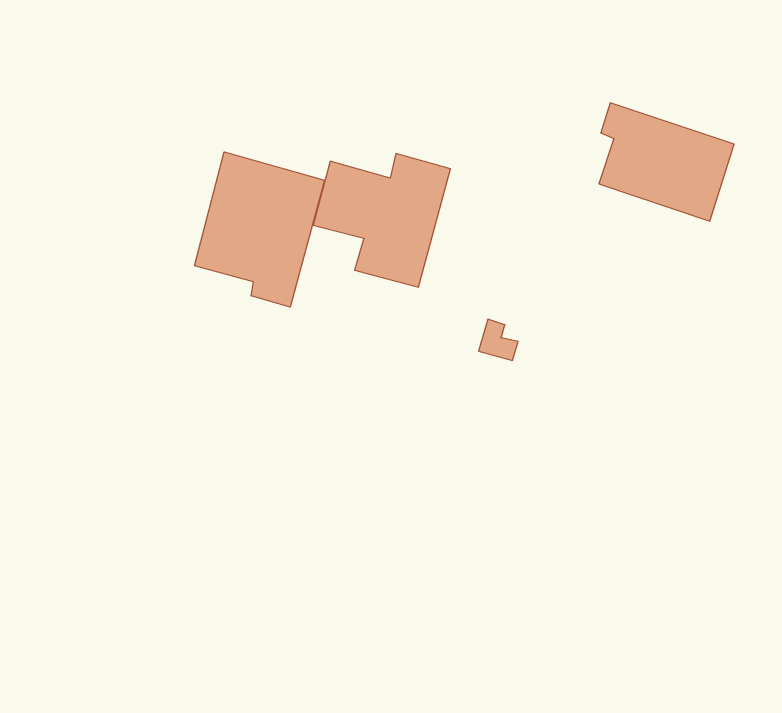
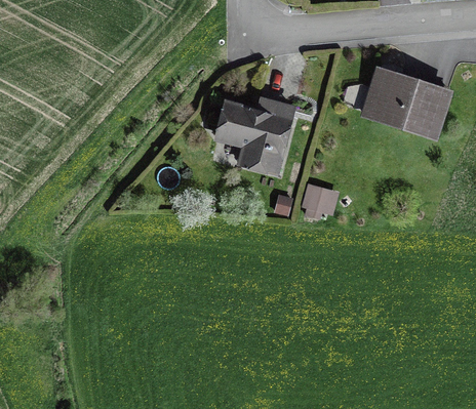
building: [194,152,324,307] -> none

